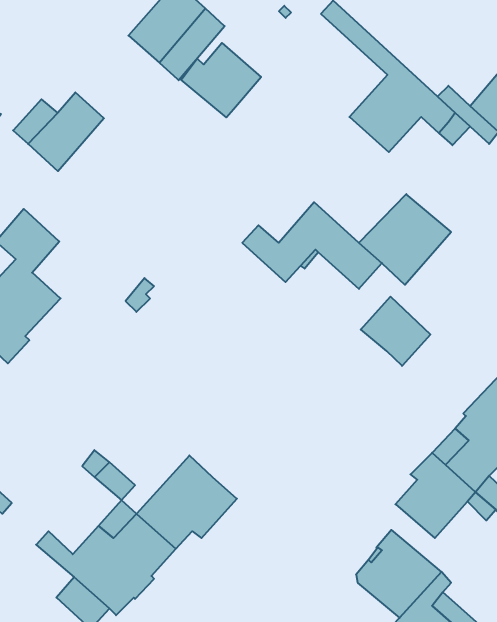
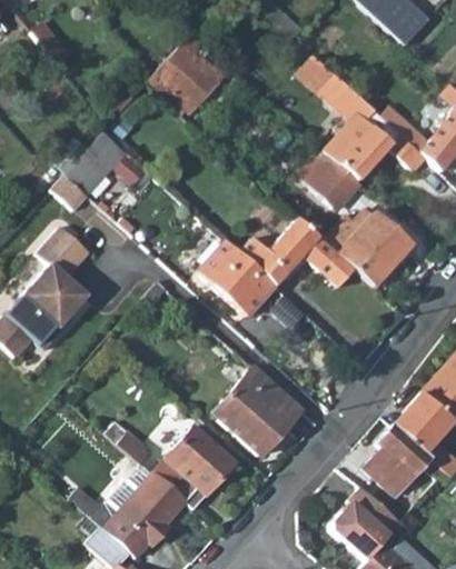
building: [181,43,261,117] -> none
building: none -> [304,150,359,204]
building: none -> [198,240,275,317]
building: [361,297,430,366] -> none
building: none -> [214,367,301,456]

